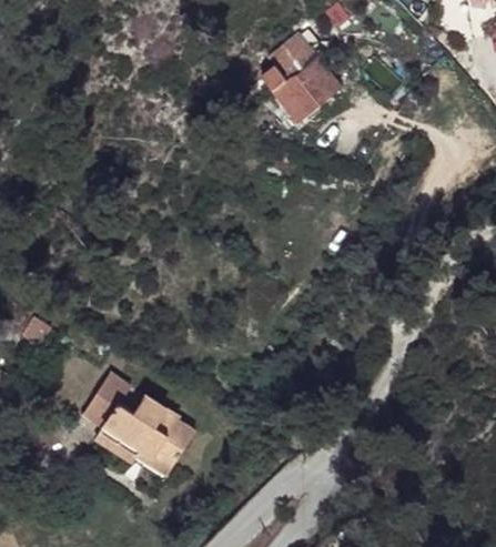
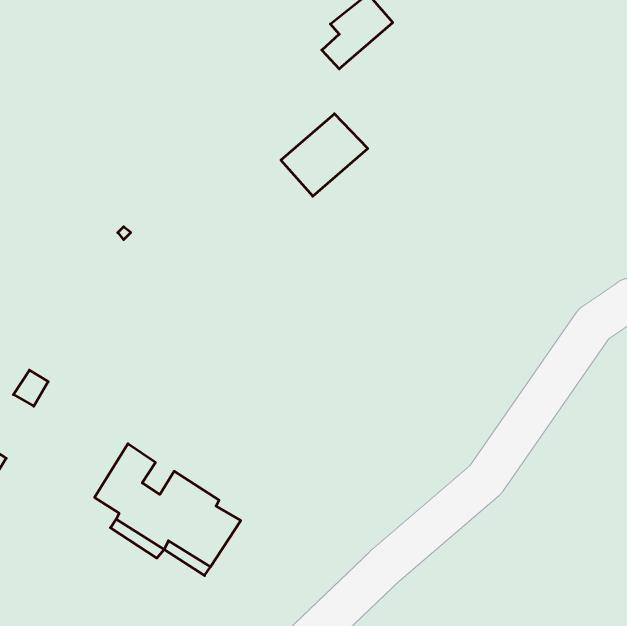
building: [272,52,338,115] -> [281,114,368,196]

